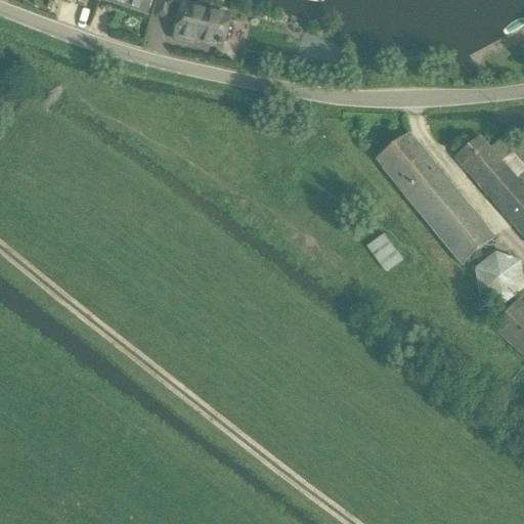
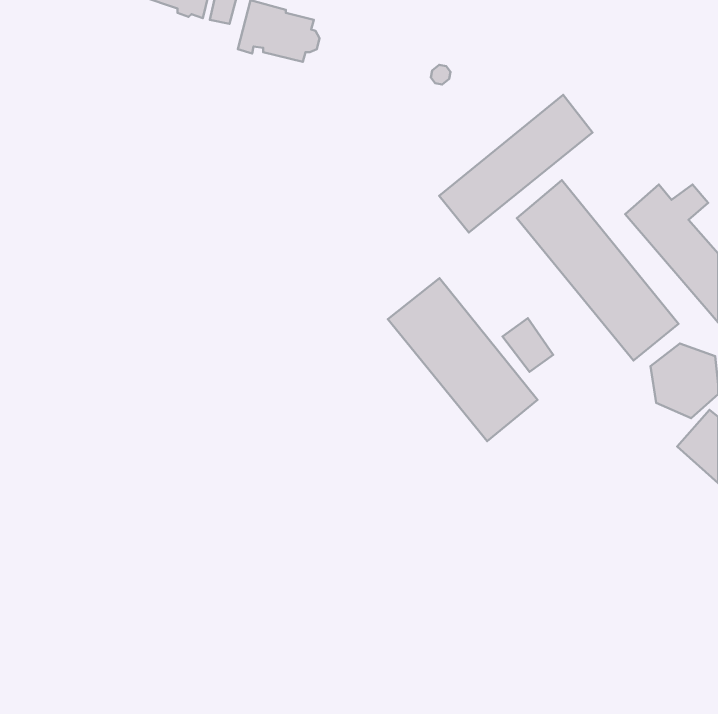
building: none -> [439,95,593,232]
building: none -> [388,278,538,441]

